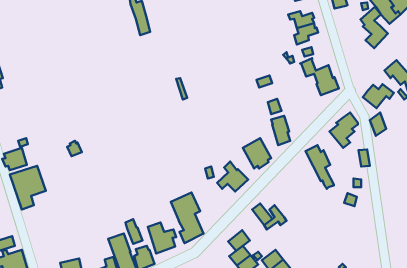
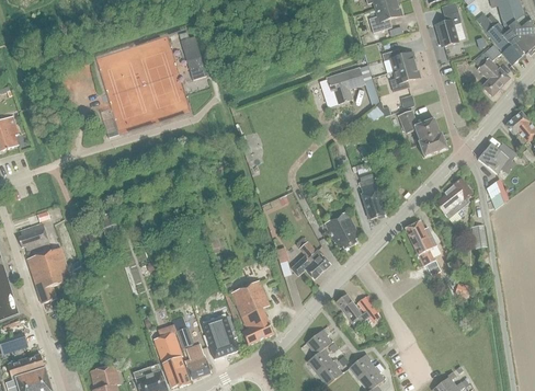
building: none -> [318,66,364,107]

